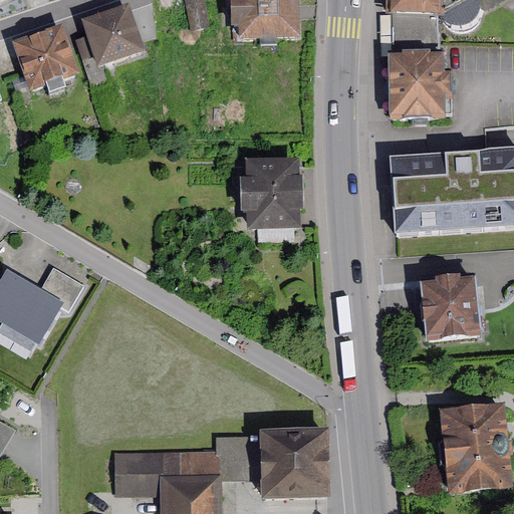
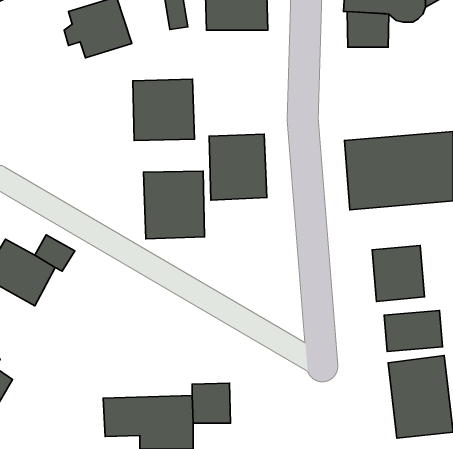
building: [9,17,78,89] -> none
building: [387,53,451,121] -> none
building: none -> [133,79,195,140]
building: none -> [143,171,205,239]
building: none -> [384,310,442,351]
building: [259,431,329,501] -> none

